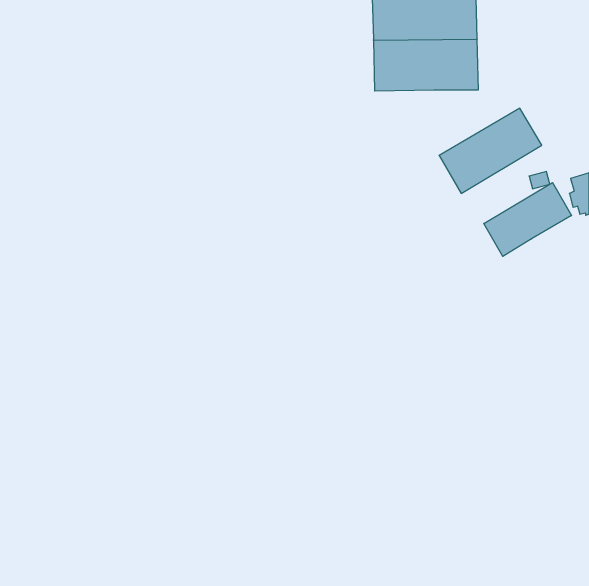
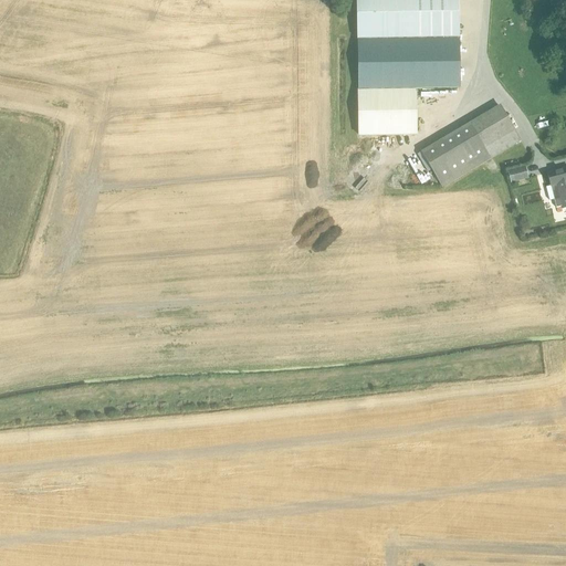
building: none -> [359,86,418,133]
building: [484,183,572,256] -> none

